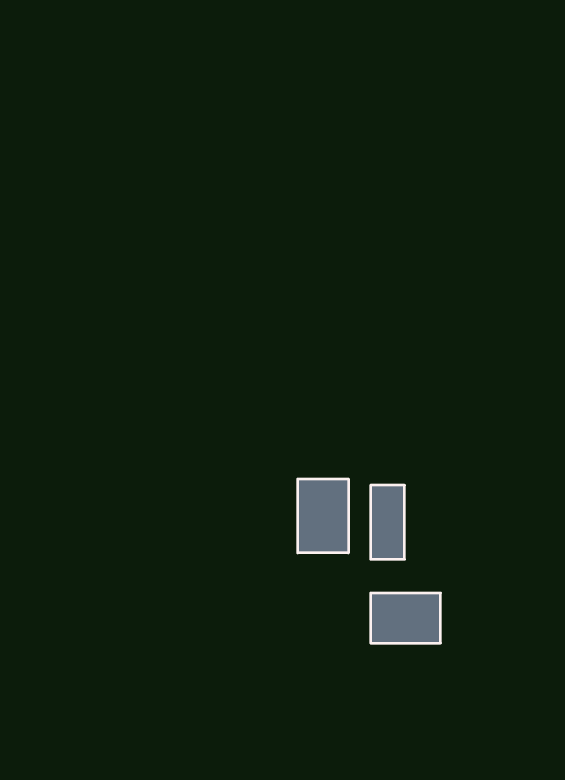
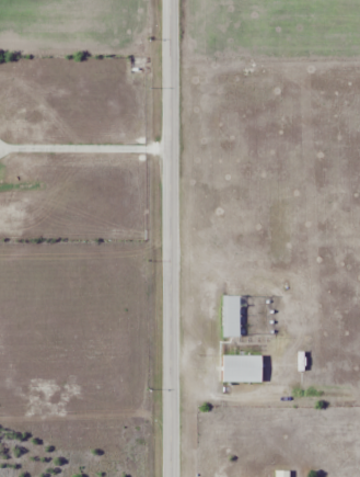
building: [298,479,348,553] -> none

